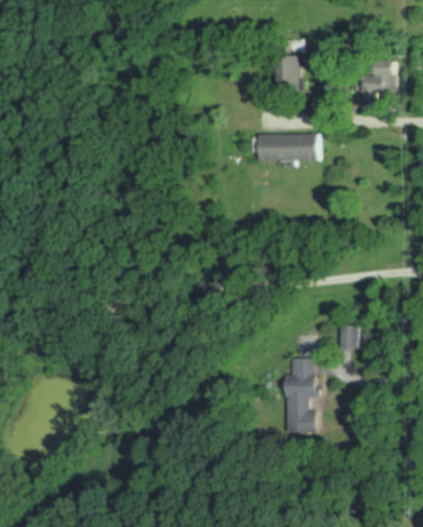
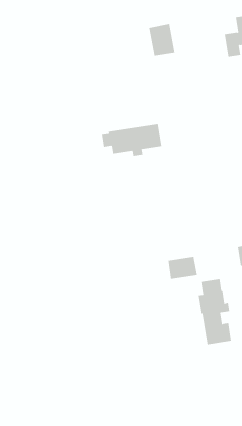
building: [252,135,319,168] -> [101,123,162,157]
building: none -> [168,256,197,280]

